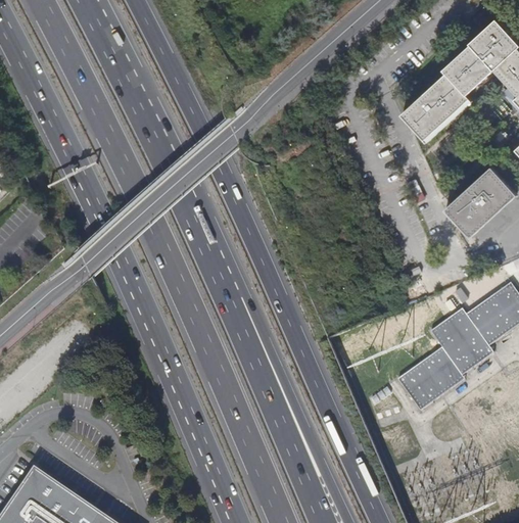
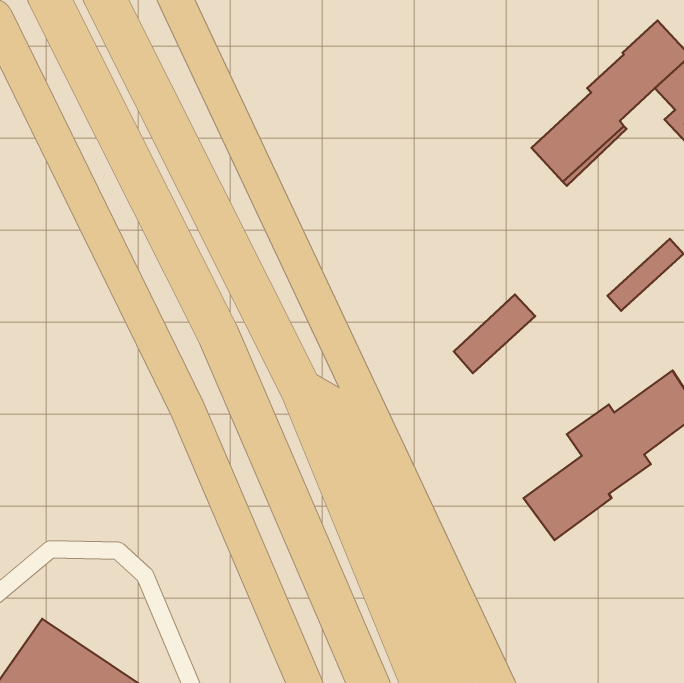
building: [444,167,506,226] -> [454,294,535,373]

